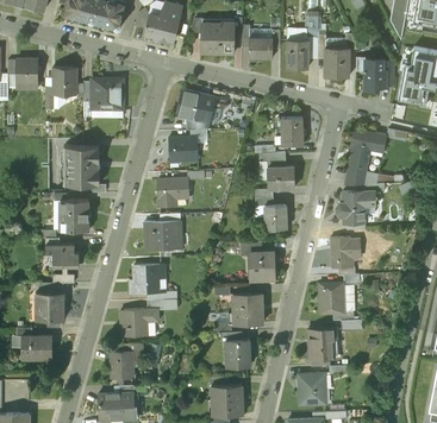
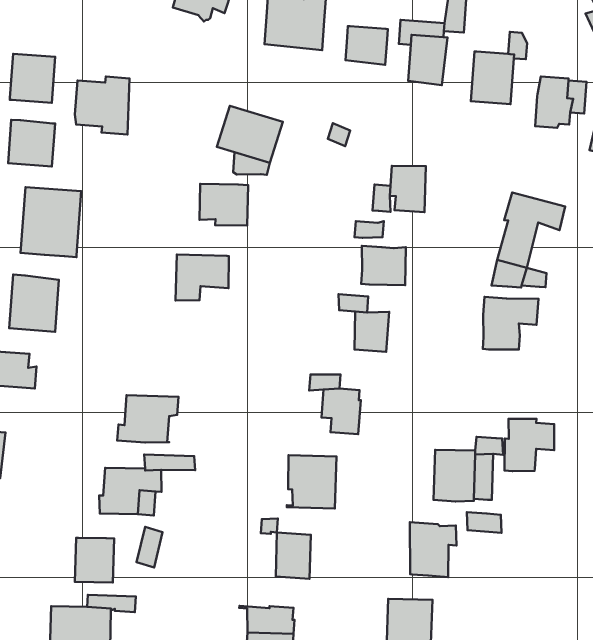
building: none -> [8,120,55,167]
building: [145,221,182,251] -> none
building: [331,238,361,270] -> [505,419,554,471]

